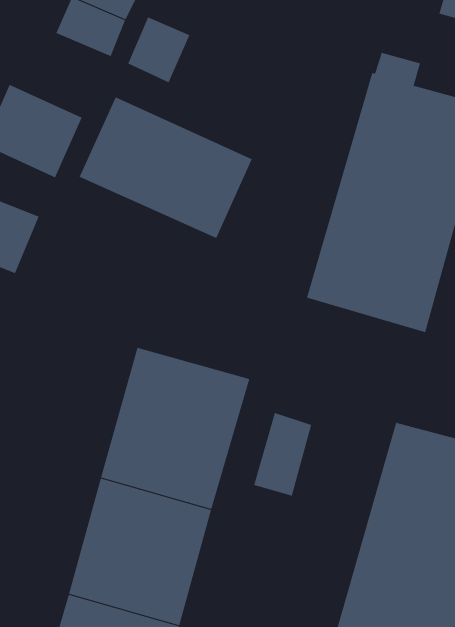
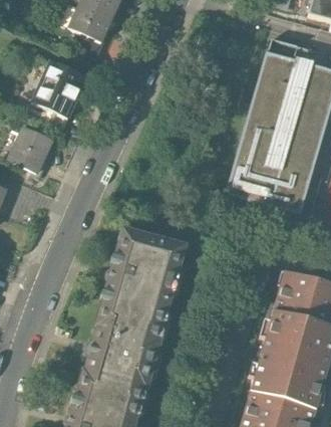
building: [127,16,190,83] -> none
building: [79,96,252,239] -> none
building: [254,412,312,496] -> none

